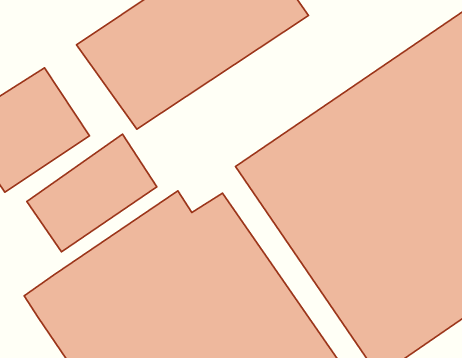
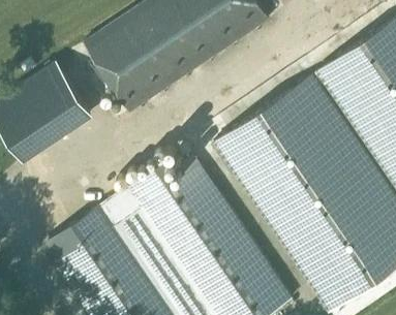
building: [27,134,157,252] -> none

